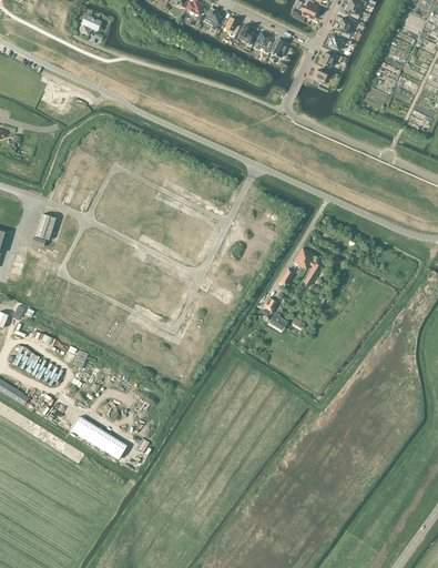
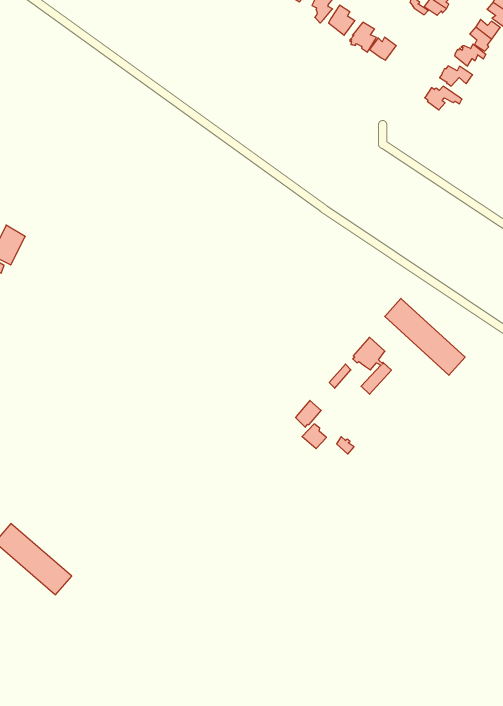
building: none -> [385,298,465,375]

